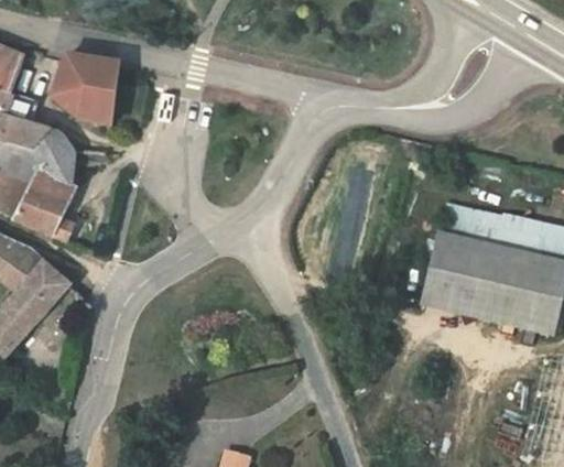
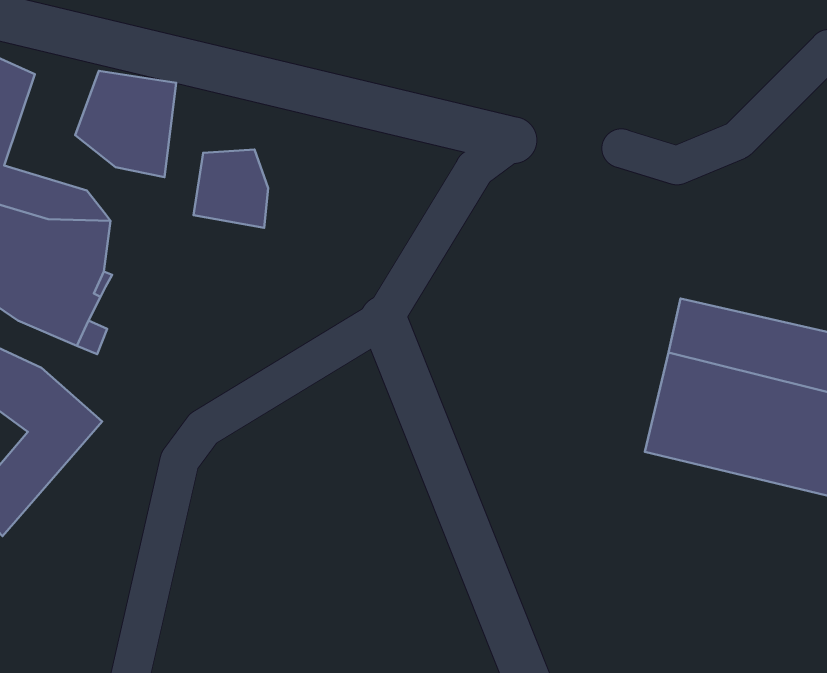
building: none -> [194,150,268,228]

